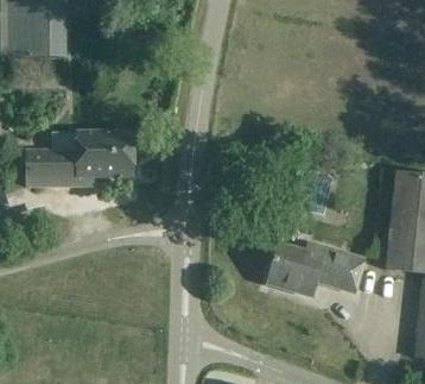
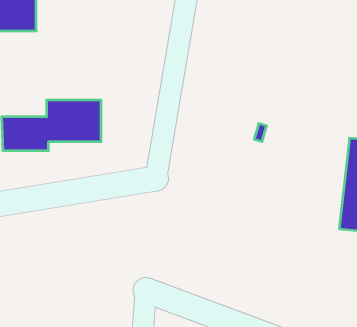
building: [267,243,362,290] -> none

